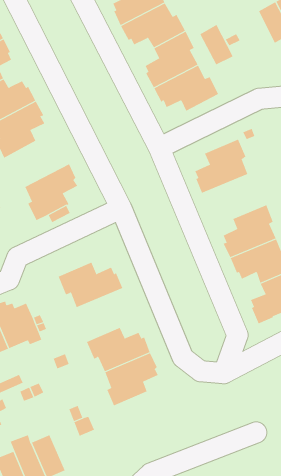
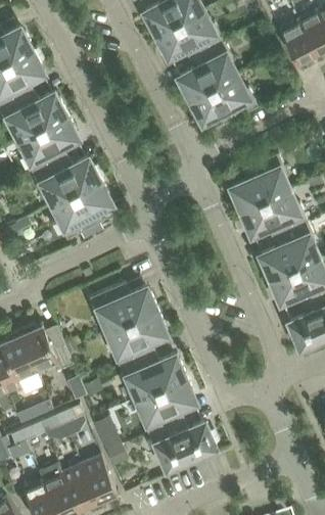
building: [199,24,234,65] -> [280,20,316,63]
building: none -> [33,156,101,204]
building: none -> [239,191,308,238]
building: none -> [108,311,165,367]
building: none -> [147,419,217,467]
building: none -> [81,456,117,502]

